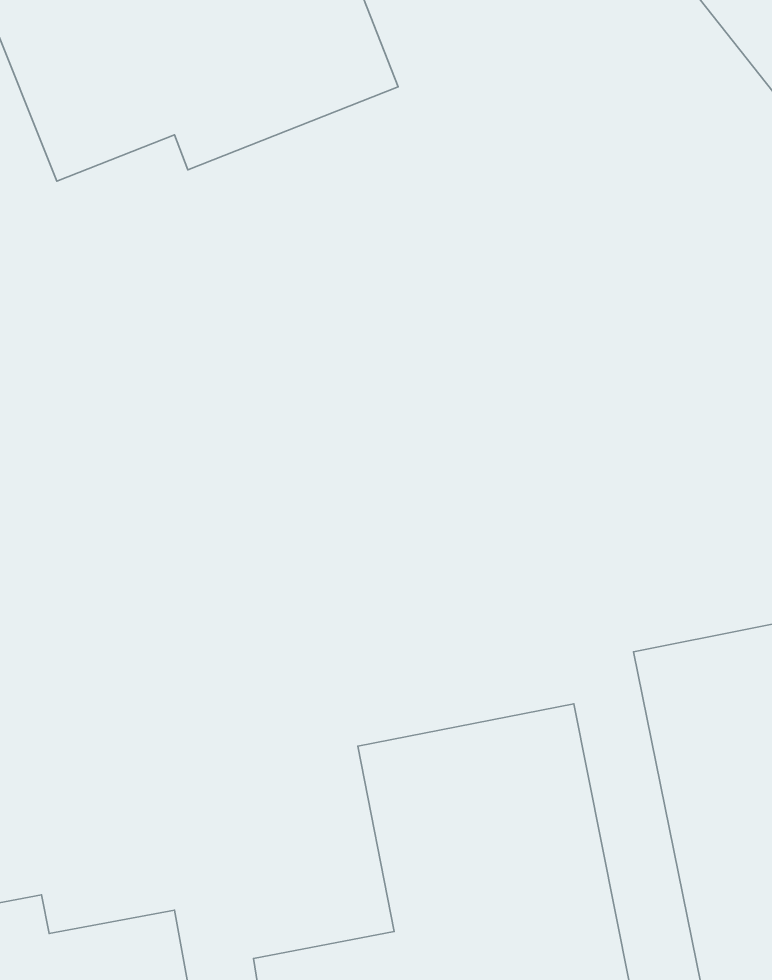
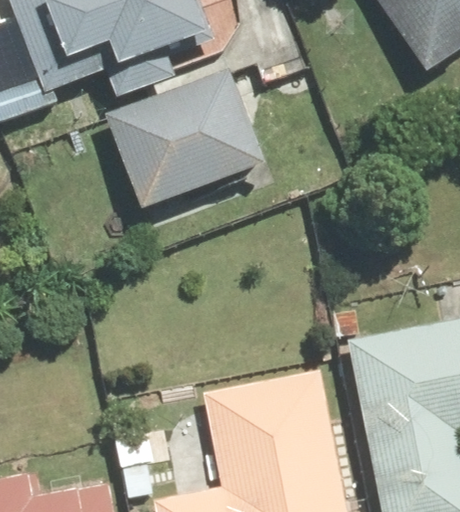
building: none -> [106,62,269,208]

